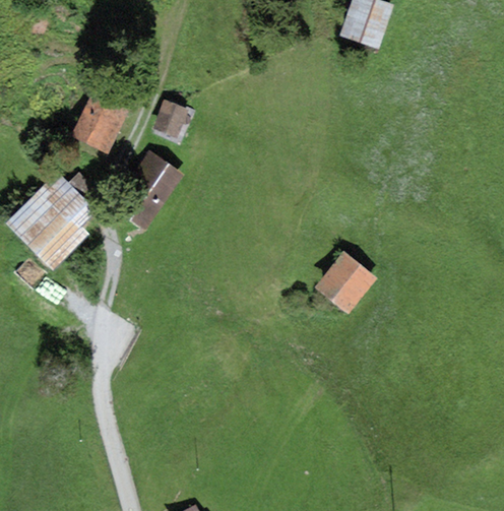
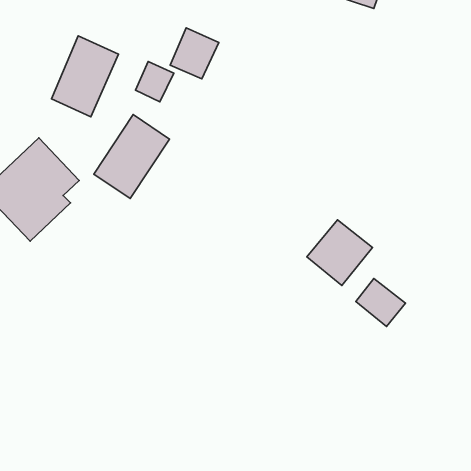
building: none -> [170,28,219,79]
building: none -> [356,278,405,326]

